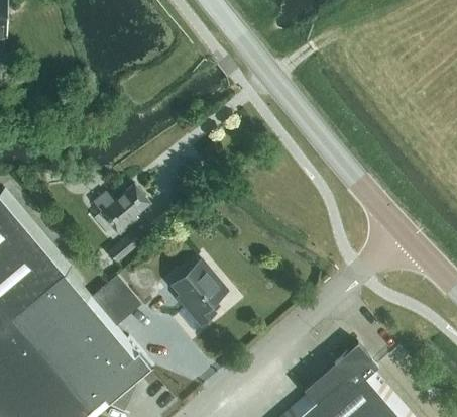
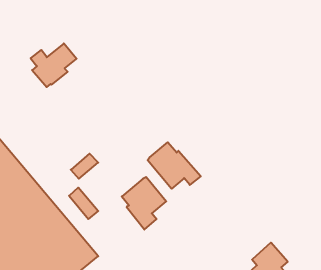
building: [93,185,150,239] -> [31,43,77,87]
building: none -> [148,142,201,189]

